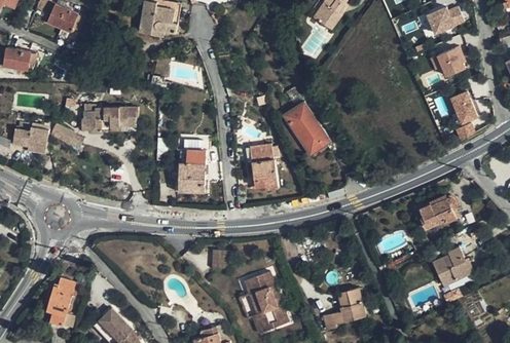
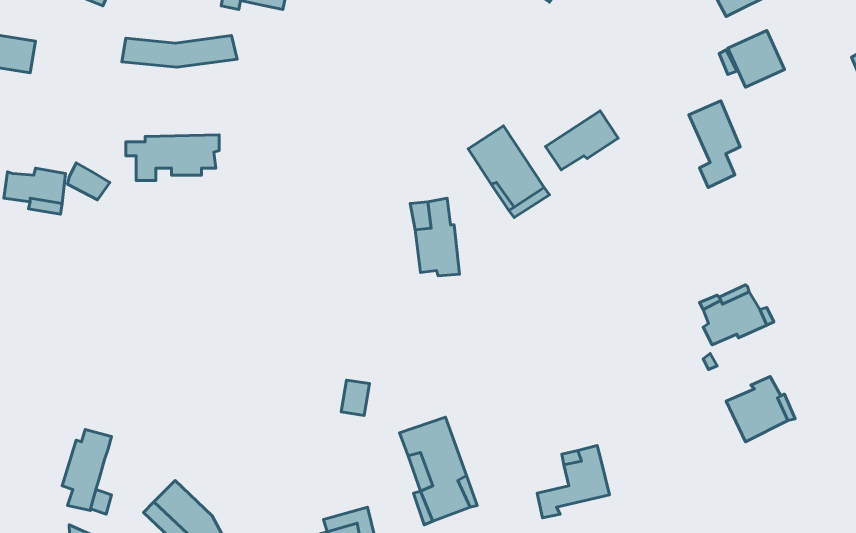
building: none -> [122,36,237,67]
building: [447,91,477,142] -> [689,101,740,187]
building: none -> [546,111,618,170]
building: [174,150,206,192] -> none

